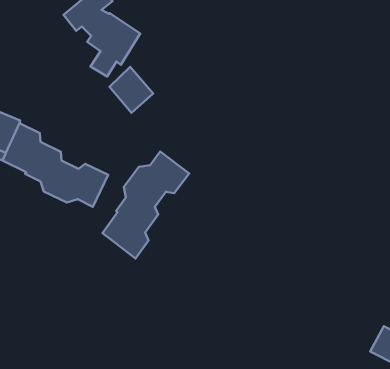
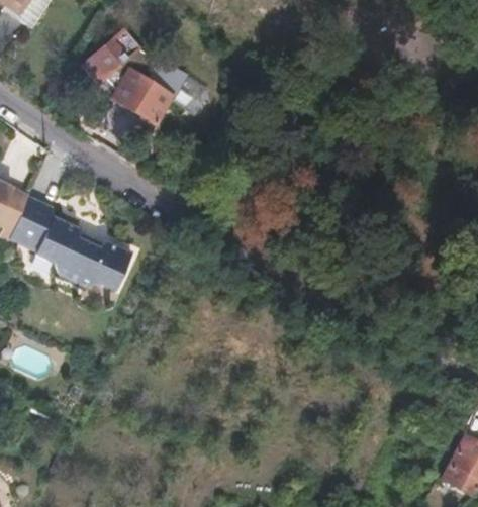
building: [109,67,153,113] -> none
building: [102,152,189,259] -> none

